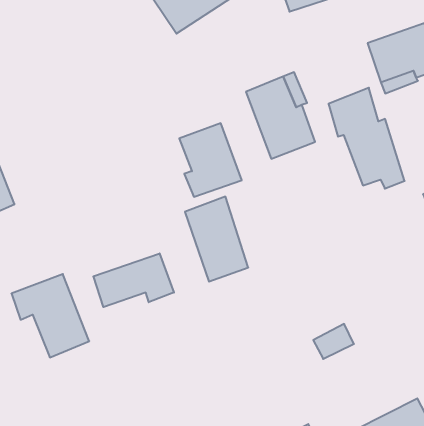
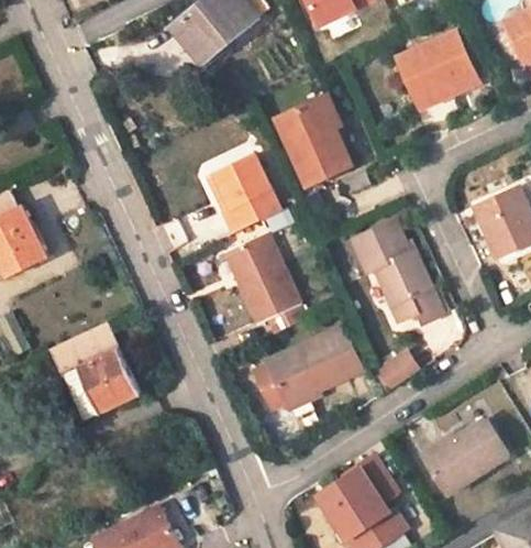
building: [328,88,405,189] -> [351,217,438,320]
building: [93,253,174,307] -> none
building: none -> [265,325,358,401]

